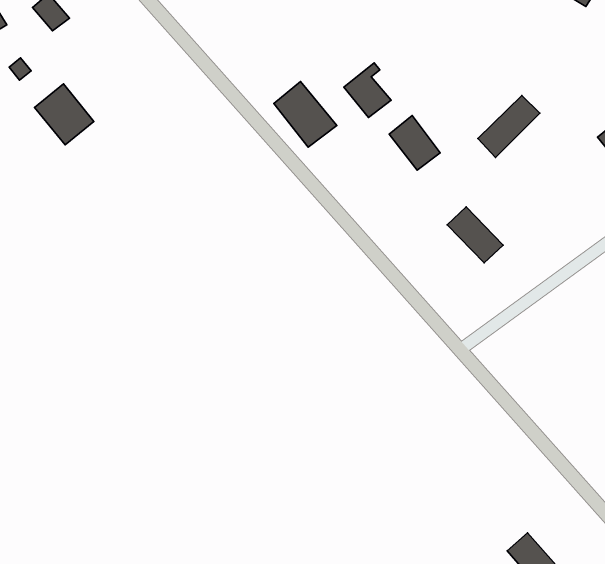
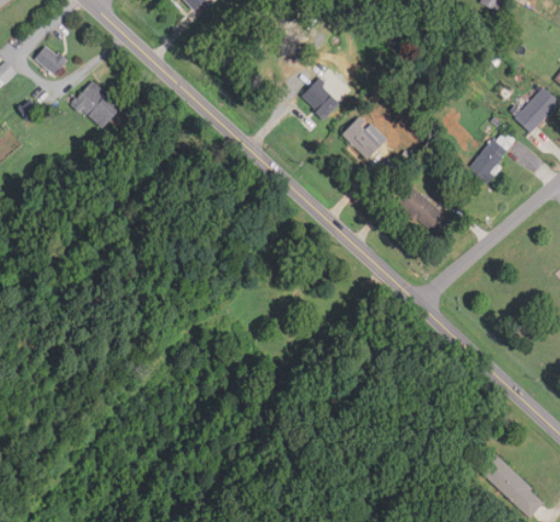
building: [274,82,337,147] -> none
building: [35,84,94,145] -> [72,80,122,130]
building: [478,96,540,158] -> [468,129,517,183]

